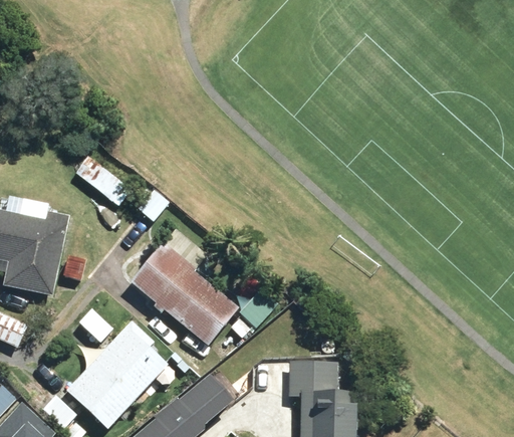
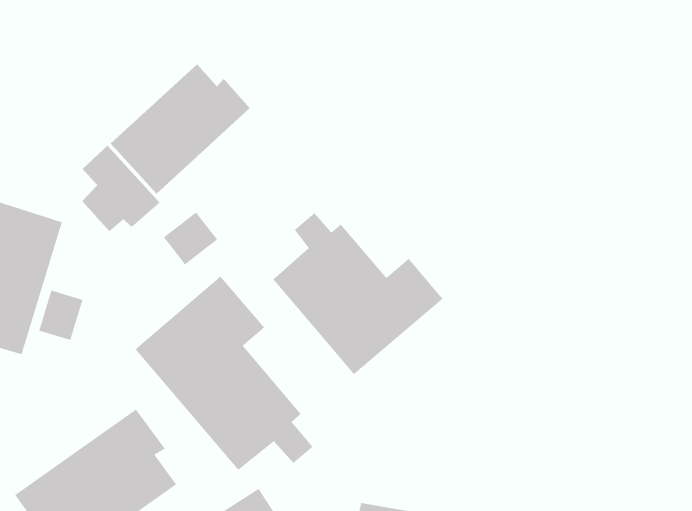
building: none -> [110,63,251,195]
building: none -> [273,212,444,375]

